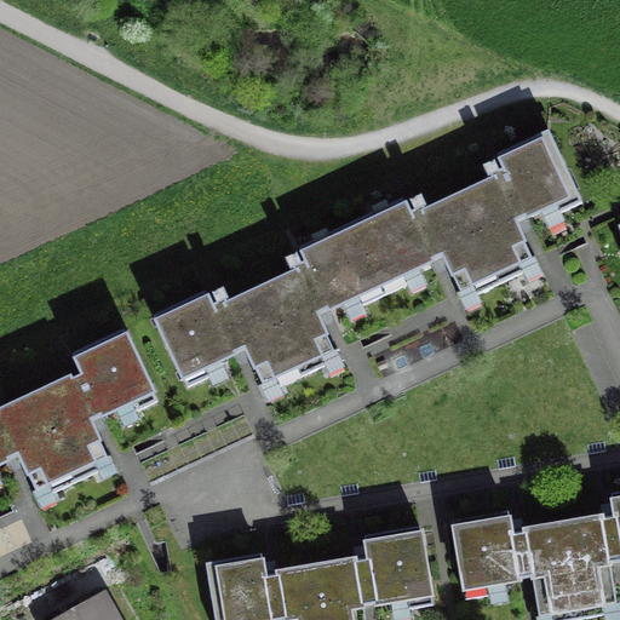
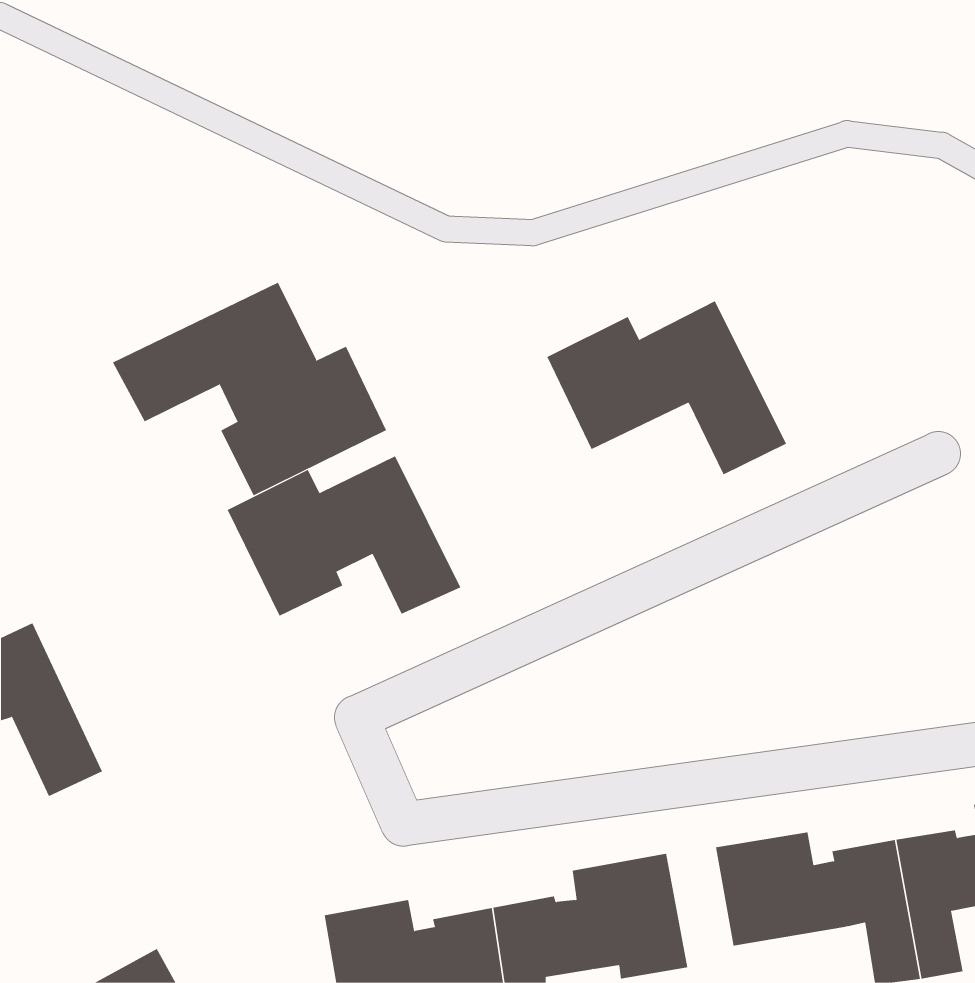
building: [457,130,581,277] -> none
building: none -> [112,282,387,496]
building: [257,223,379,367] -> none
building: [30,332,150,482] -> none

